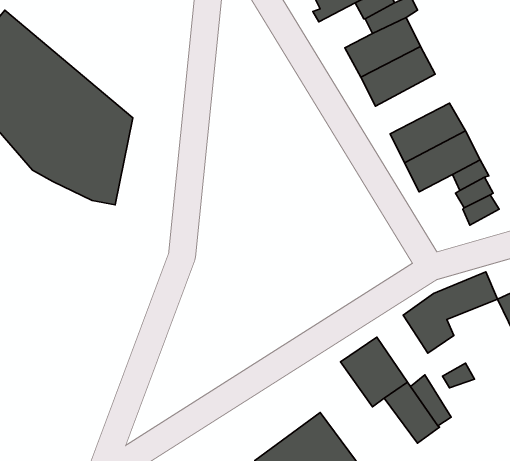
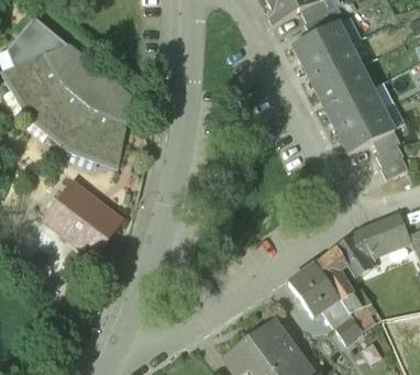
building: none -> [316,65,372,110]
building: none -> [51,187,119,254]
building: none -> [317,247,353,301]

